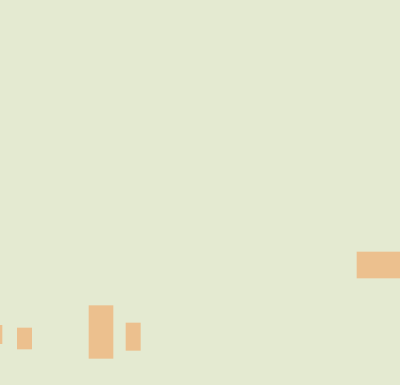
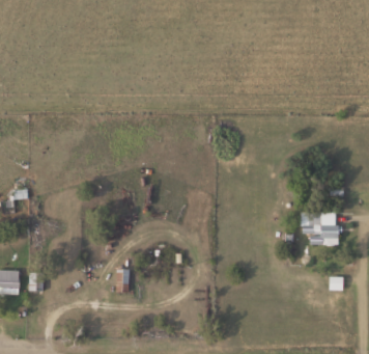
building: [88,304,114,359] -> none

